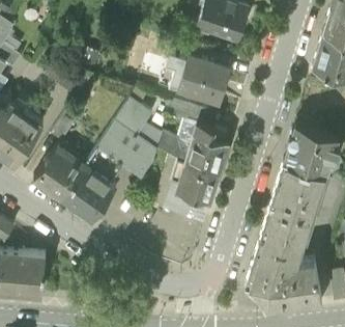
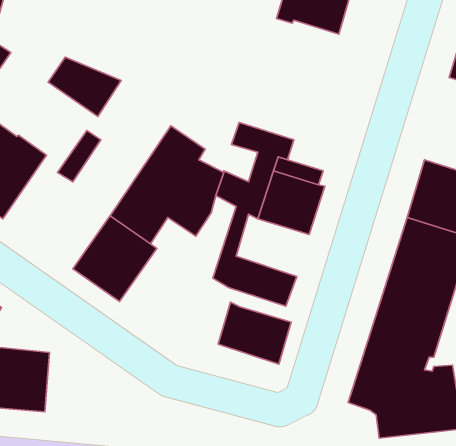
building: [178,56,229,100] -> none
building: [33,143,85,197] -> none
building: [170,161,219,202] -> [218,302,291,364]

